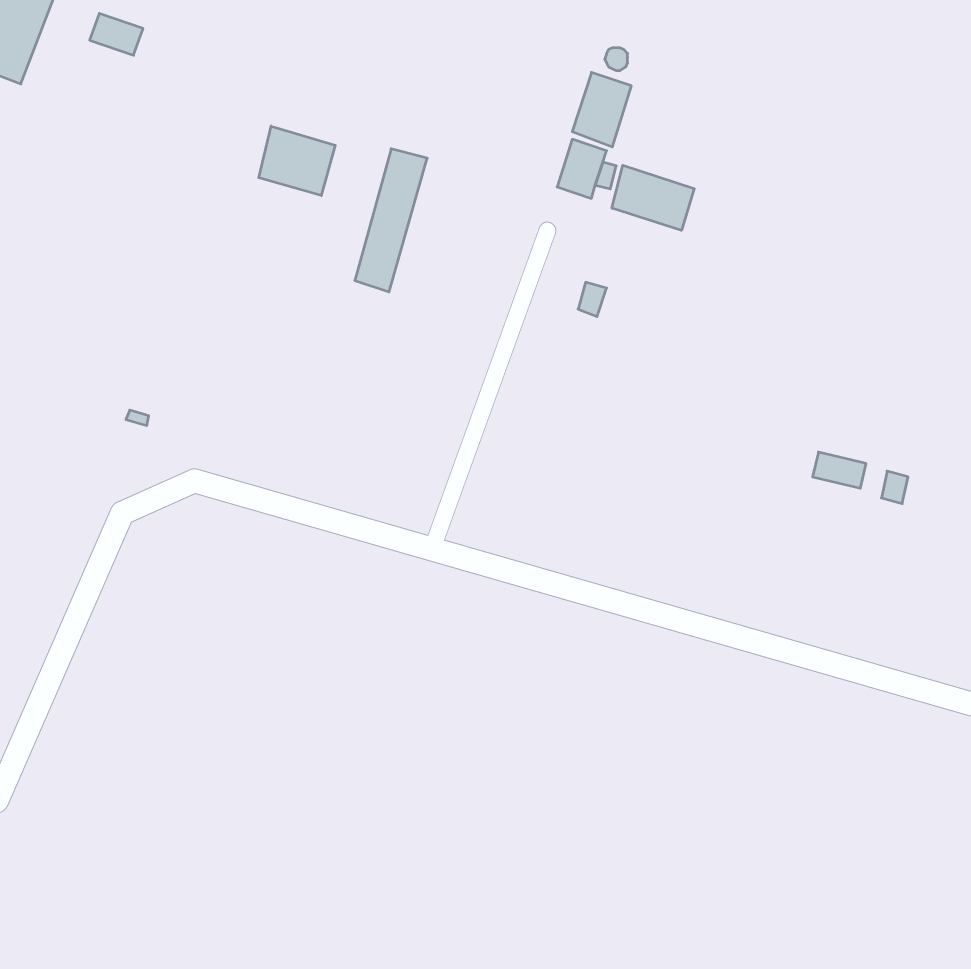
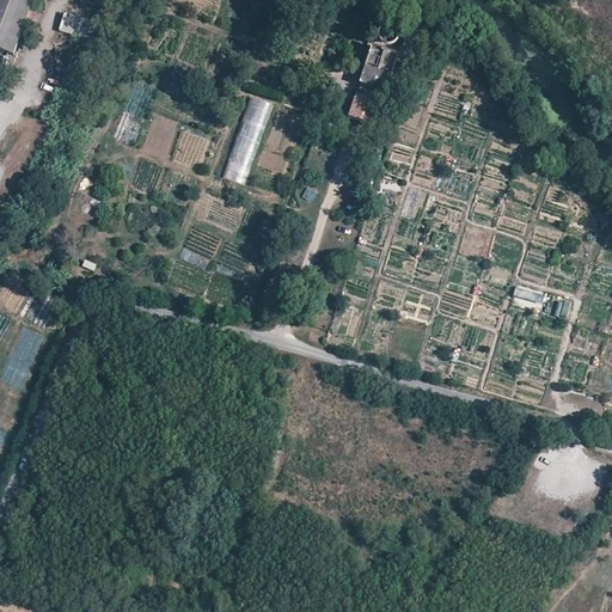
building: [259,126,335,196] -> none
building: [612,165,694,230] -> none

